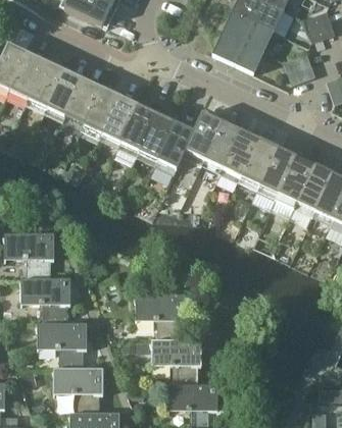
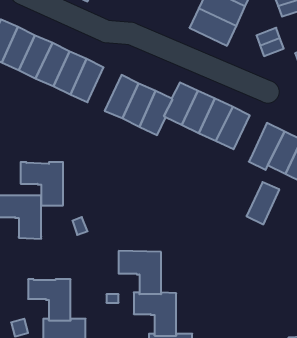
building: [102,96,139,143] -> none
building: [260,148,296,194] -> [246,182,279,224]
building: [21,279,67,326] -> [21,162,63,205]

